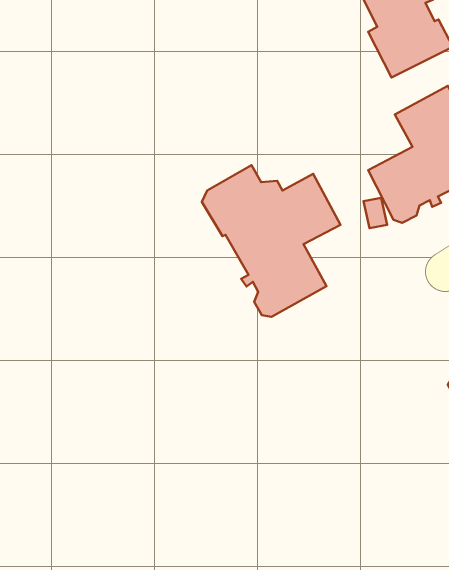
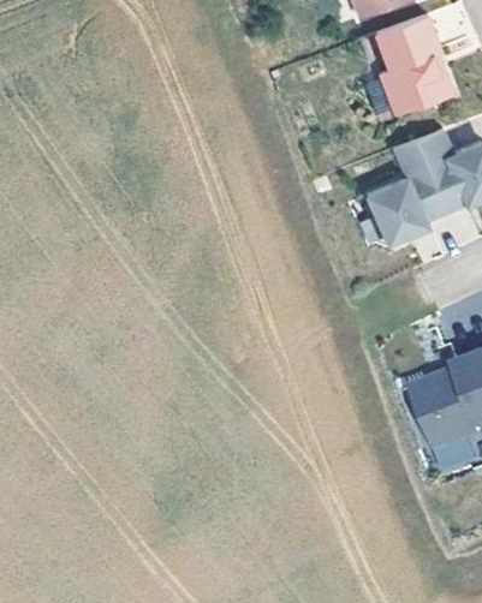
building: [202,165,341,317] -> none

